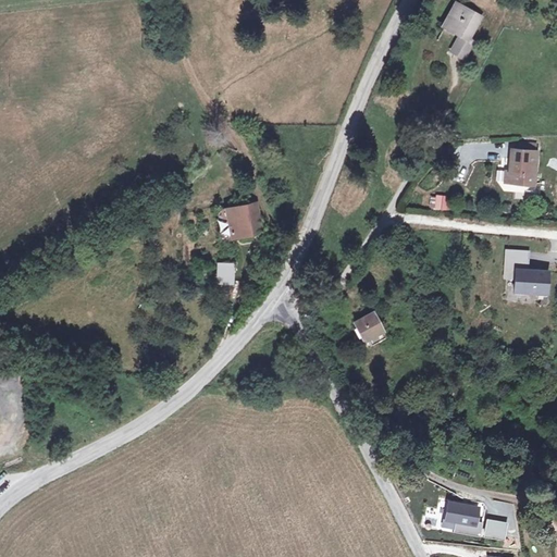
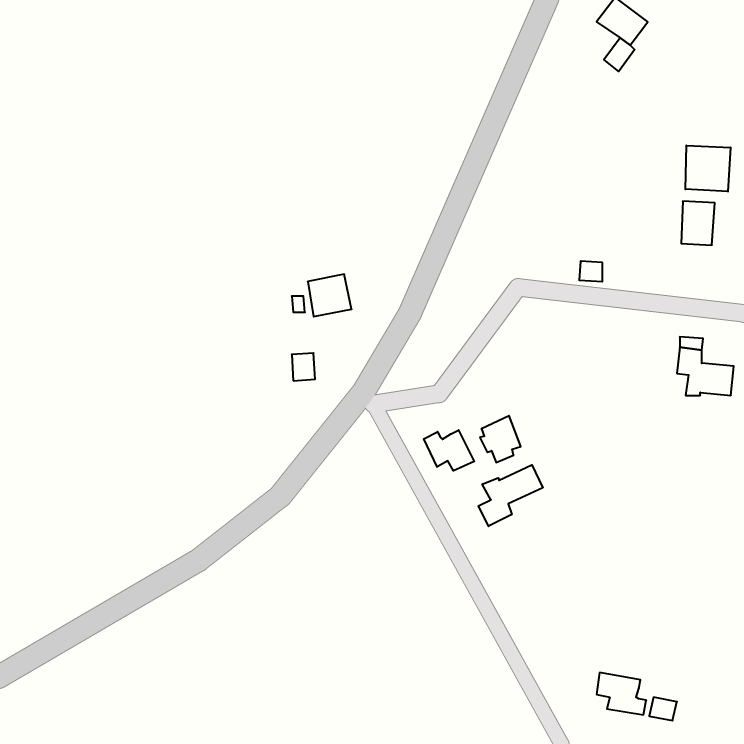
building: none -> [685,145,731,192]
building: none -> [424,430,474,471]
building: none -> [478,465,543,526]

